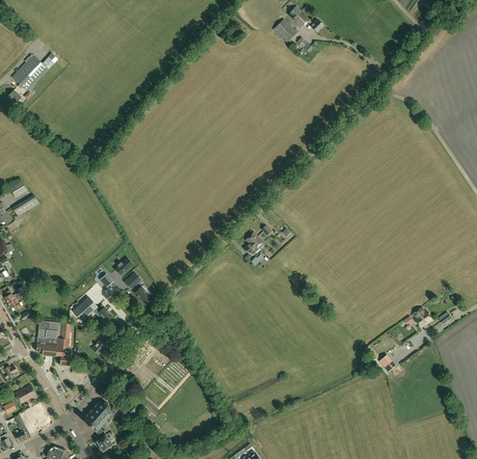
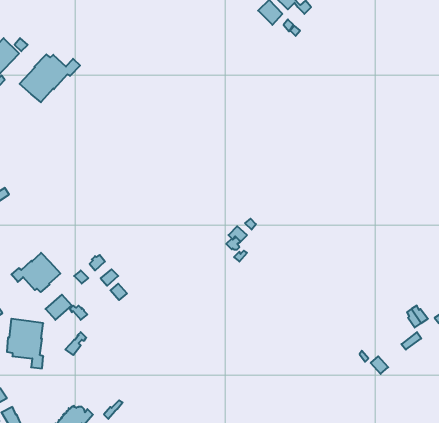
building: none -> [20,54,80,102]
building: none -> [11,253,60,292]

